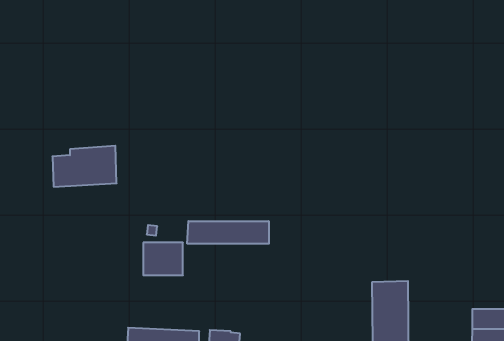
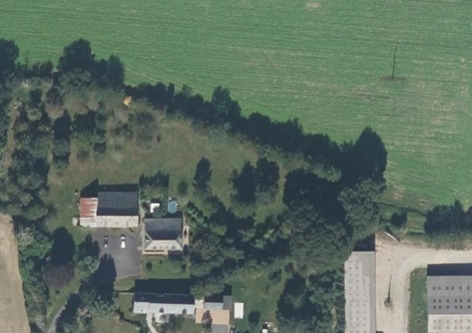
building: [52,146,117,187] -> [81,191,136,226]
building: [187,221,269,244] -> none

